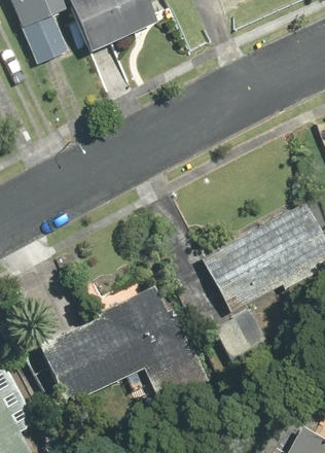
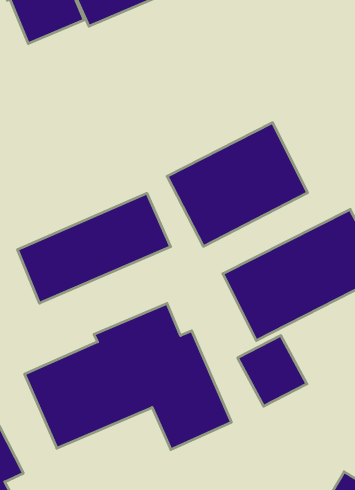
building: none -> [167,123,307,246]
building: none -> [18,193,171,303]

